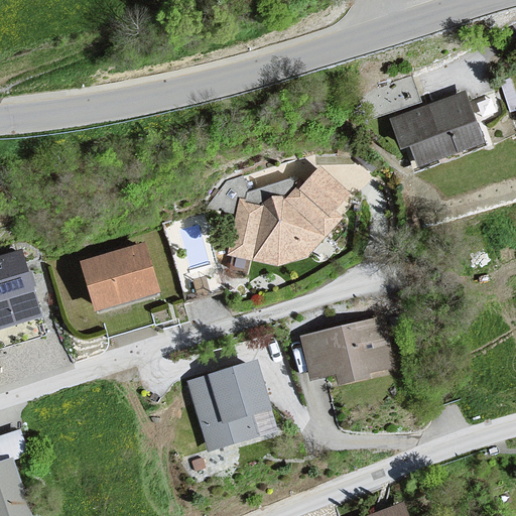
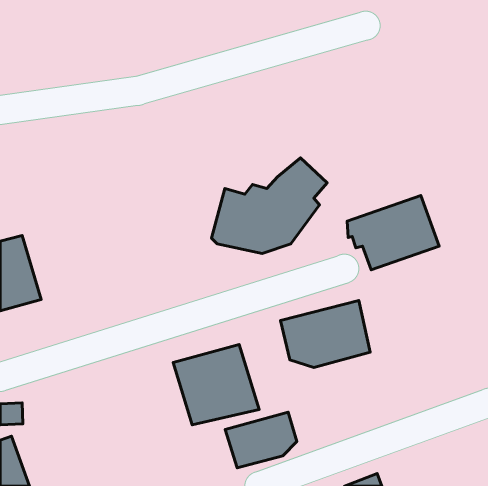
building: [389,89,486,167] -> [347,195,439,270]
building: [84,243,163,310] -> none
building: none -> [225,412,297,468]

